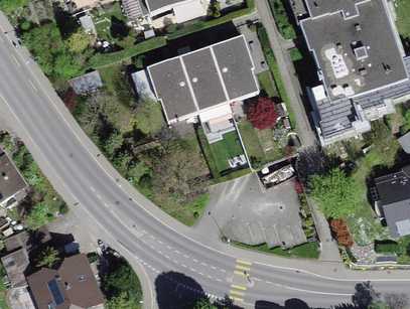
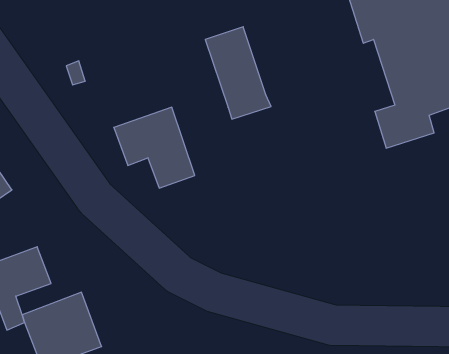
building: [209,33,257,99] -> none
building: [132,54,196,119] -> [114,107,195,188]

